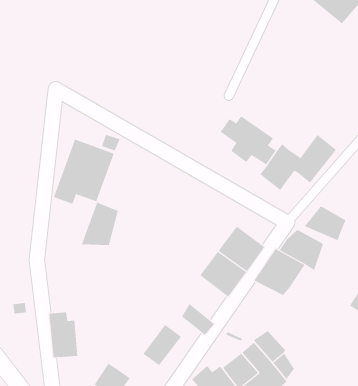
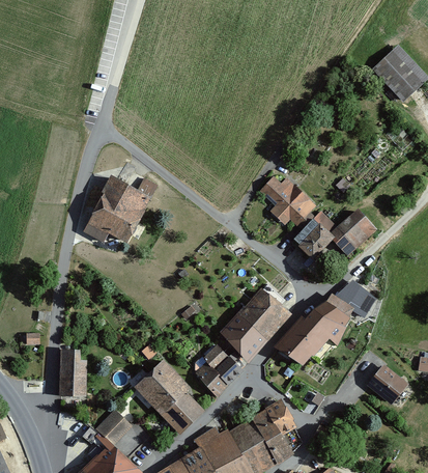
building: [81,202,118,246] -> none
building: none -> [204,346,241,385]
building: none -> [134,362,176,405]
building: none -> [165,393,206,435]

